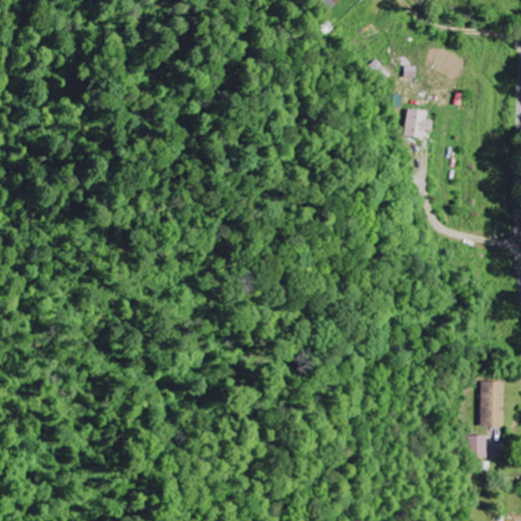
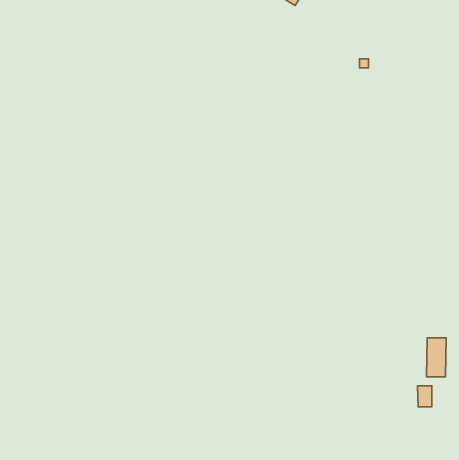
building: [407,109,431,137] -> none

